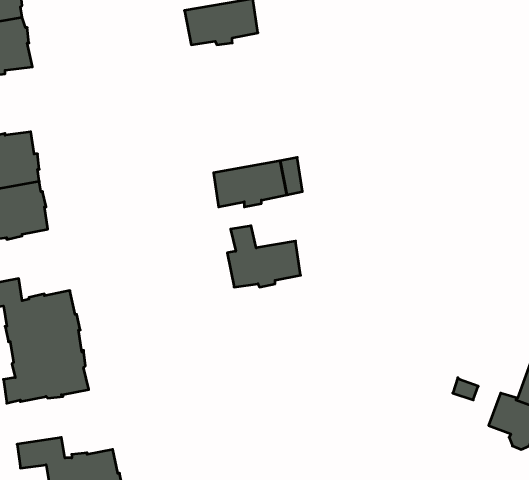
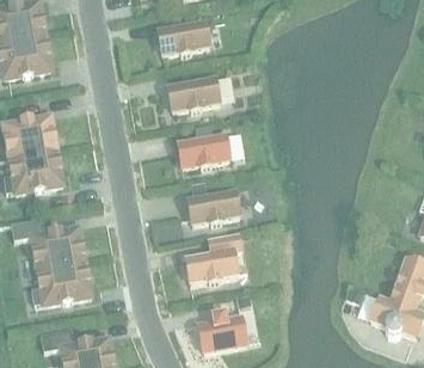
building: none -> [166,75,233,111]
building: none -> [184,233,241,282]
building: none -> [197,315,244,351]

